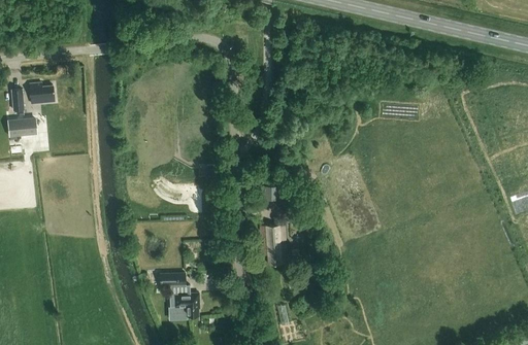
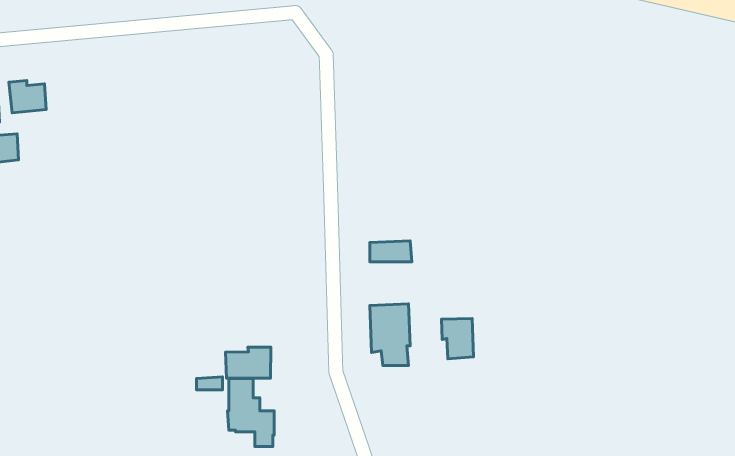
building: none -> [441,319,474,359]
building: none -> [225,347,271,378]

